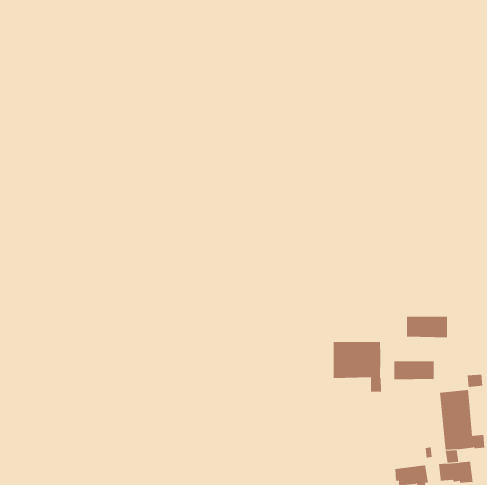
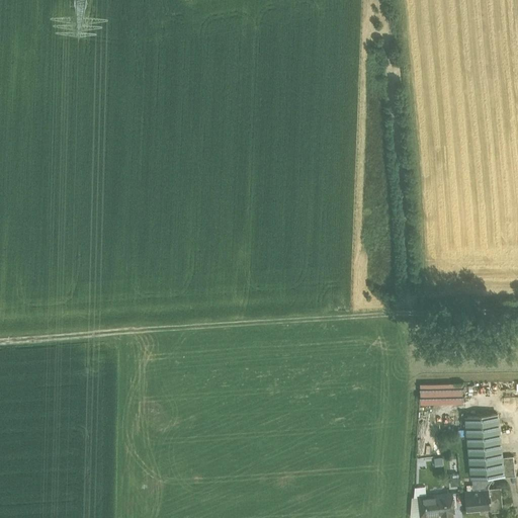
building: [407,316,448,338] -> none
building: [333,341,381,393] -> none

